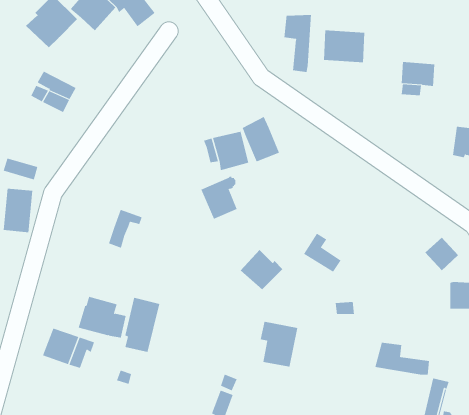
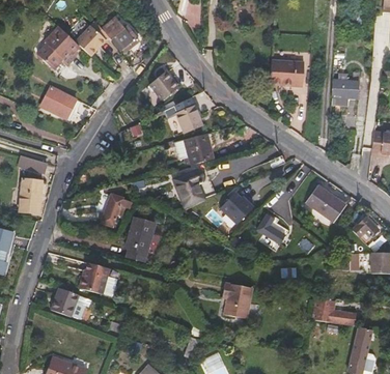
building: [284,14,312,73] -> none
building: none -> [148,70,178,102]
building: [242,116,280,162] -> [172,96,202,133]
building: none -> [305,185,345,222]
building: [240,249,283,290] -> [220,190,254,222]
building: [124,297,160,352] -> [126,218,154,261]

